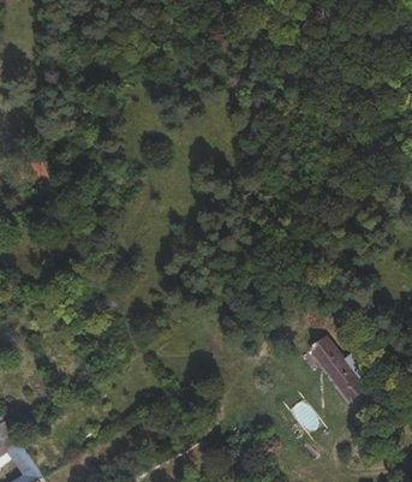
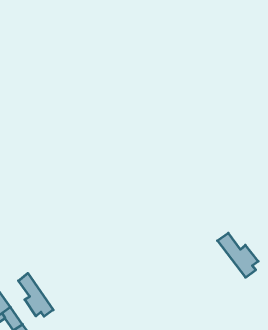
building: none -> [18,273,53,316]

